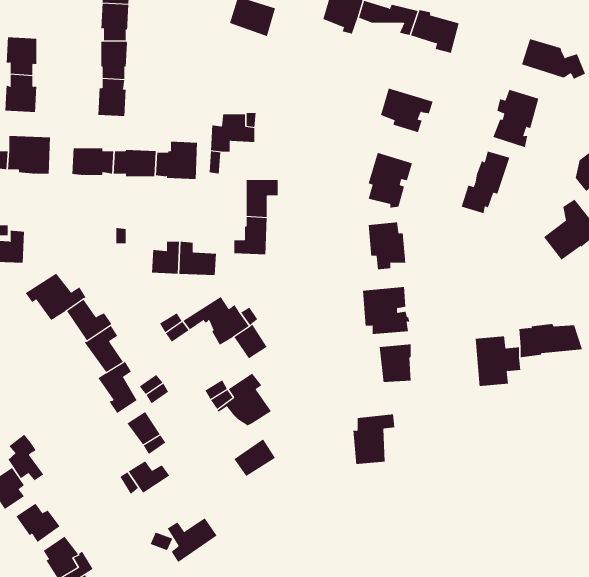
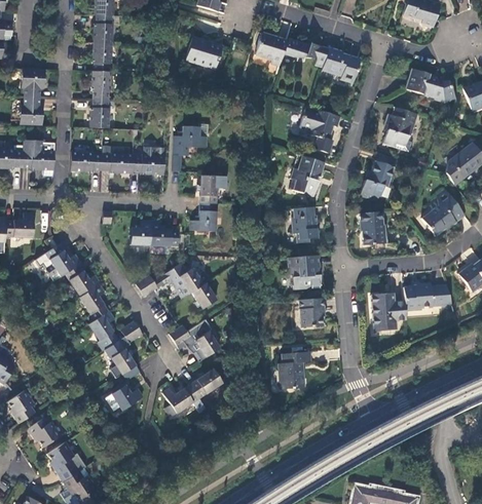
building: none -> [360,211,386,244]
building: [8,434,44,481] -> none
building: [167,518,218,563] -> [161,384,199,418]

